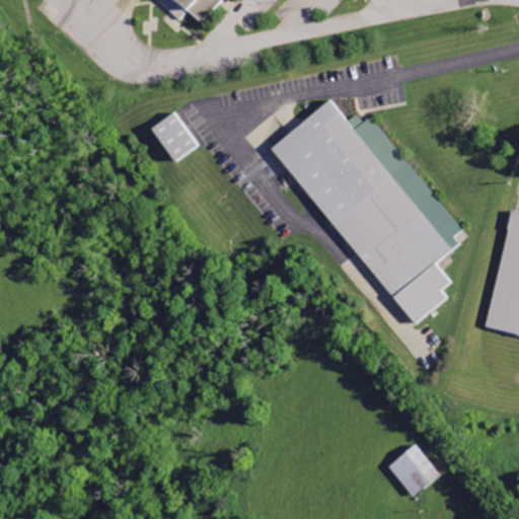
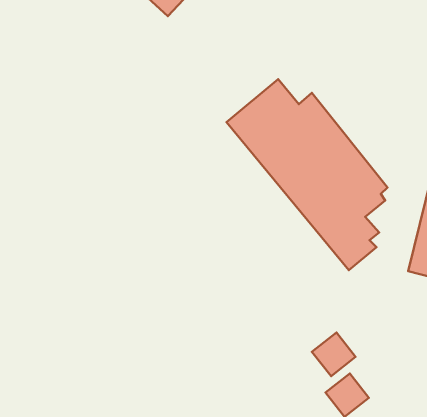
building: [150,110,198,161] -> none
building: none -> [312,332,356,376]

